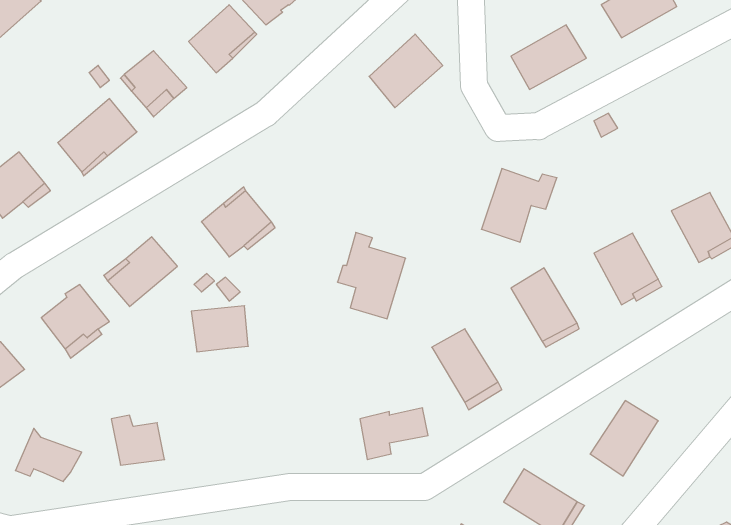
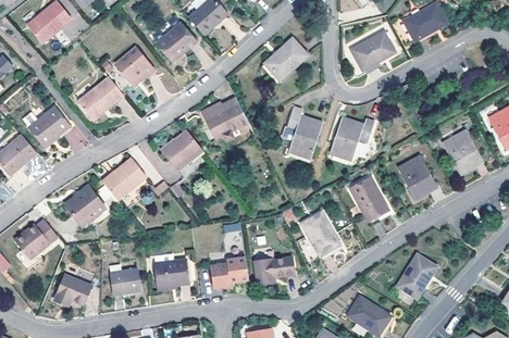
building: none -> [204,95,251,138]
building: [337,232,406,319] -> [282,108,322,159]
building: [191,306,248,352] -> [159,259,193,286]
building: none -> [213,256,252,286]

